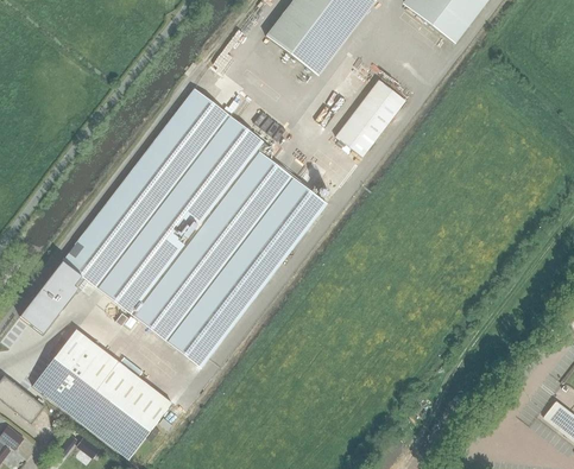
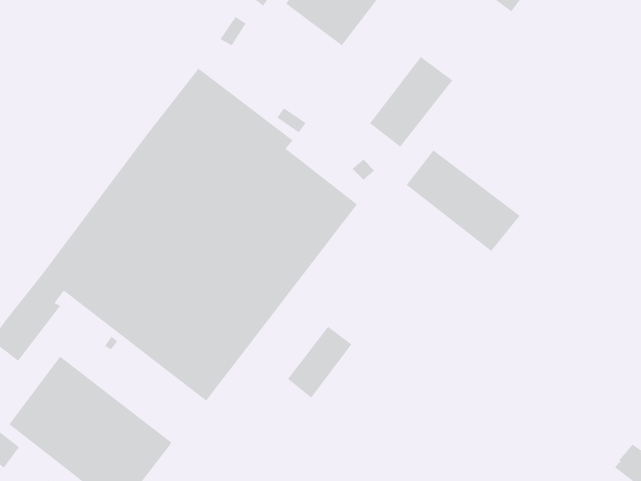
building: none -> [406,150,520,252]
building: none -> [287,326,352,399]

